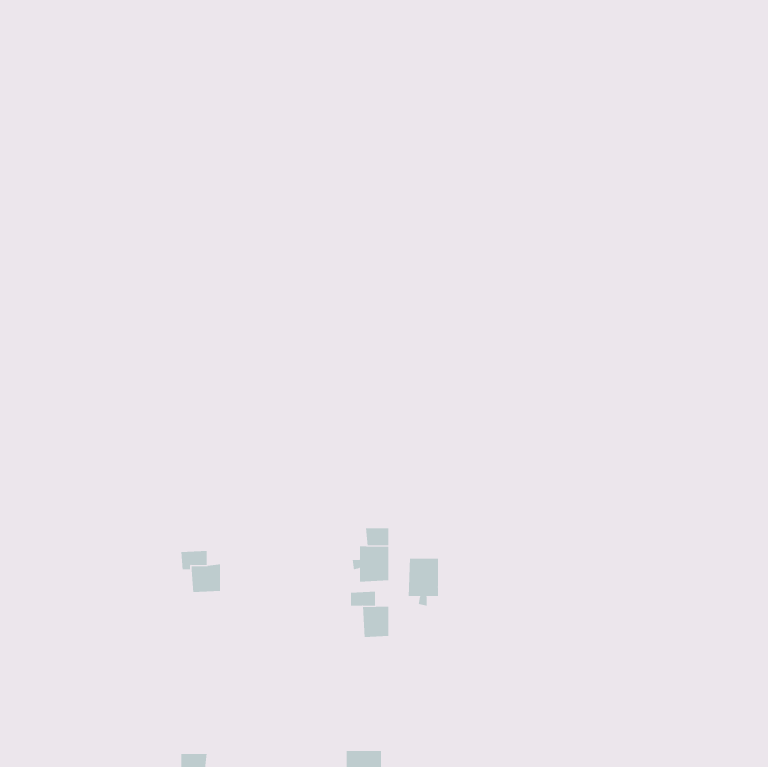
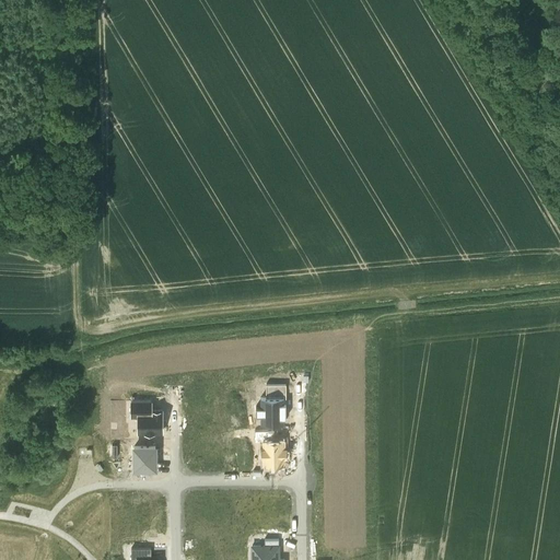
building: [408,558,438,607] -> none
building: none -> [135,447,155,469]

